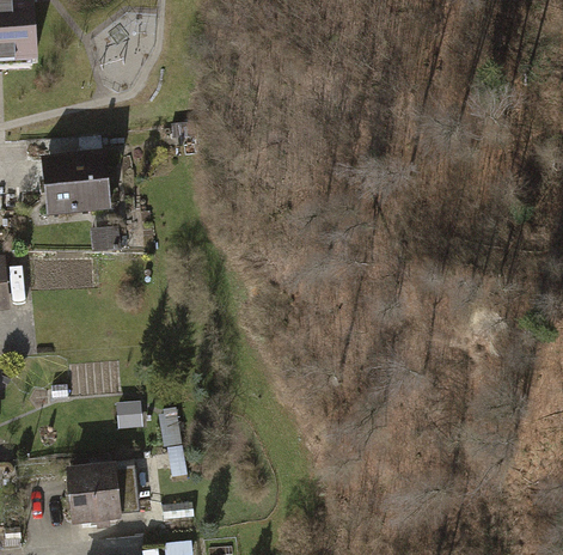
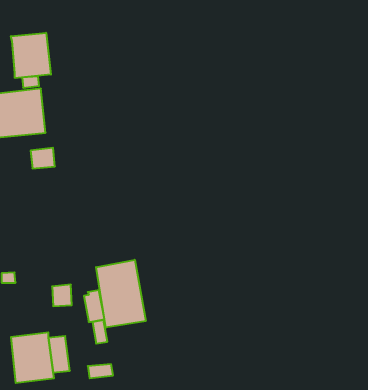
building: none -> [11,33,51,78]
building: none -> [96,260,146,328]

